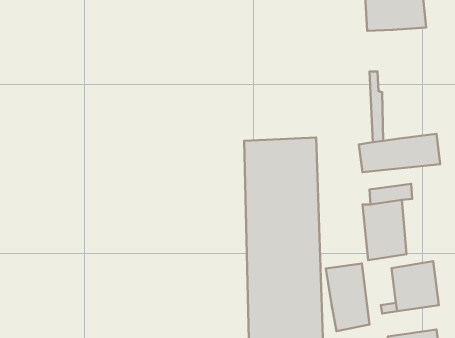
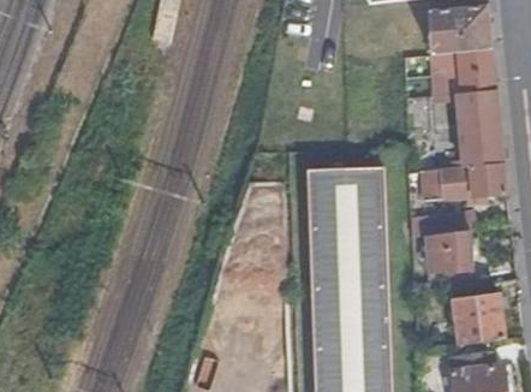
building: none -> [446,51,503,166]
building: [326,263,369,331] -> none

